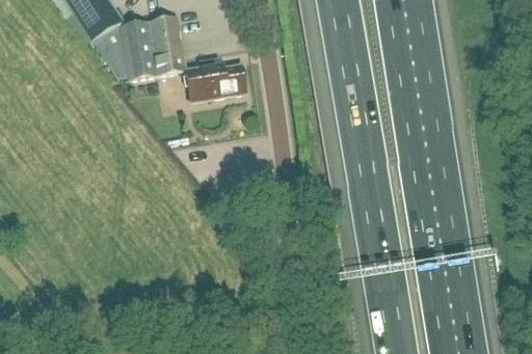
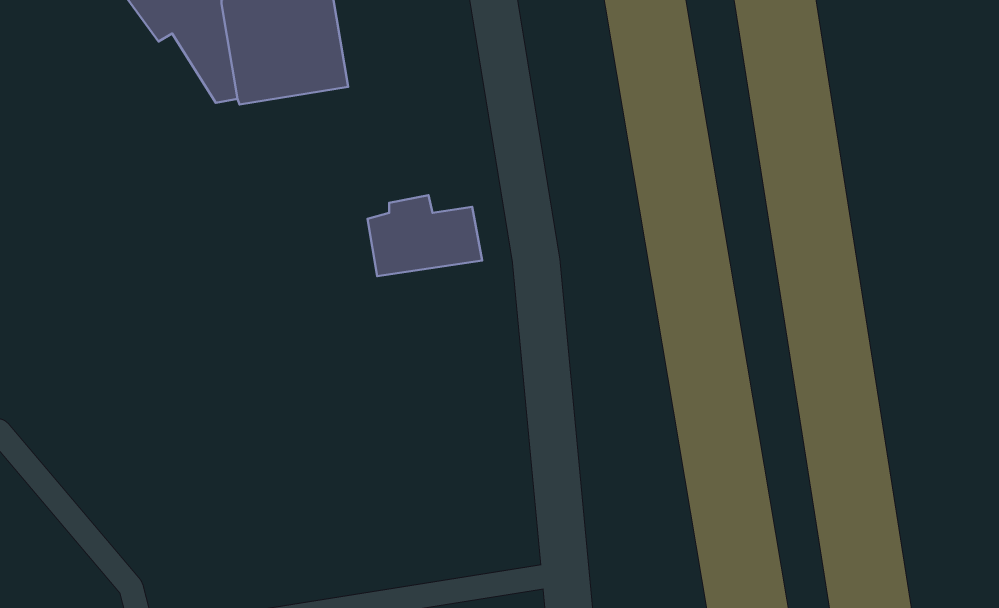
building: [185,57,245,100] -> [367,195,482,276]

